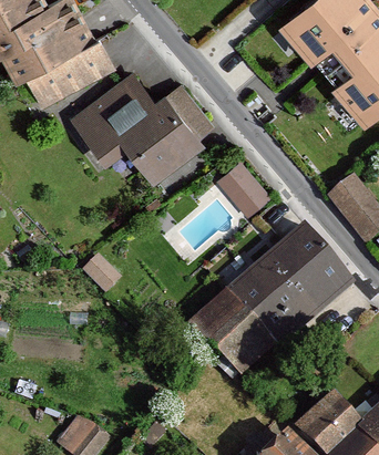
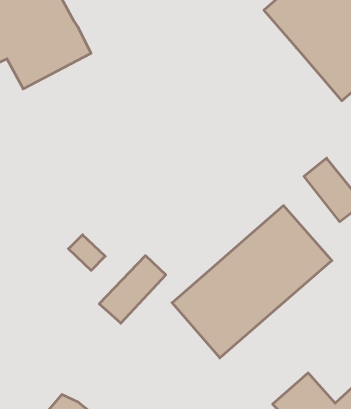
building: [72,73,212,179] -> none
building: [221,161,273,215] -> none
building: none -> [99,256,166,323]

